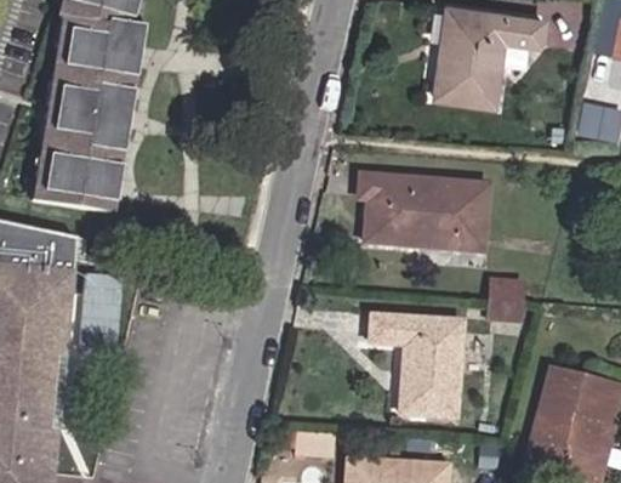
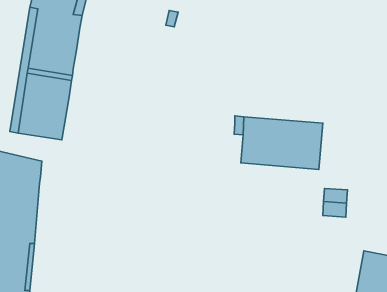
building: [435,7,542,106] -> none
building: [370,319,461,419] -> none

